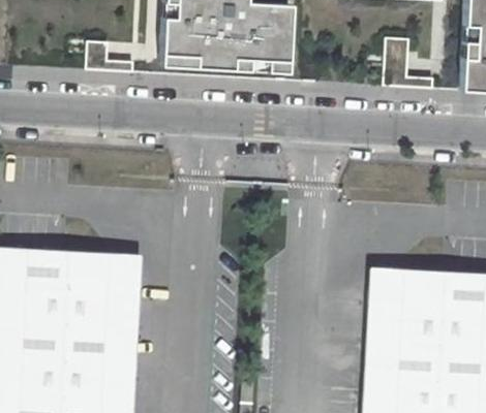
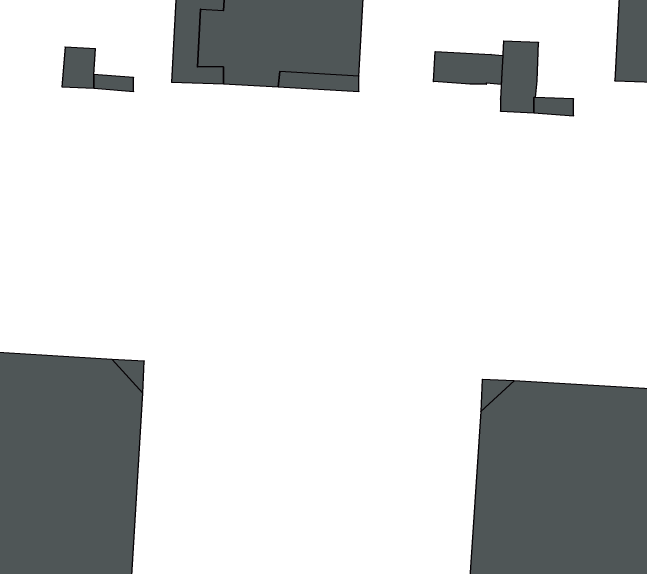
building: none -> [433,52,503,84]

